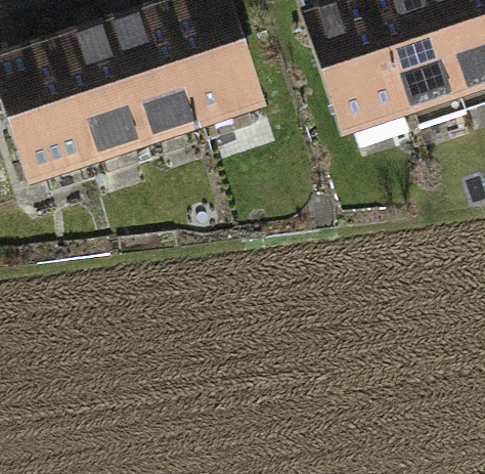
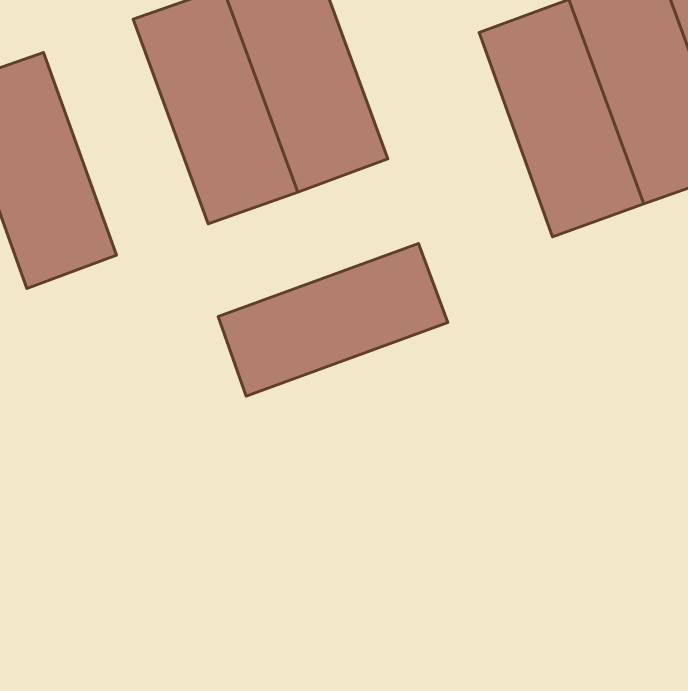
building: [47,35,148,180] -> none
building: none -> [218,244,448,396]

